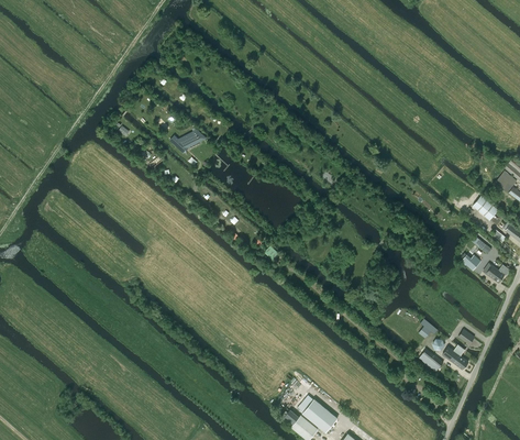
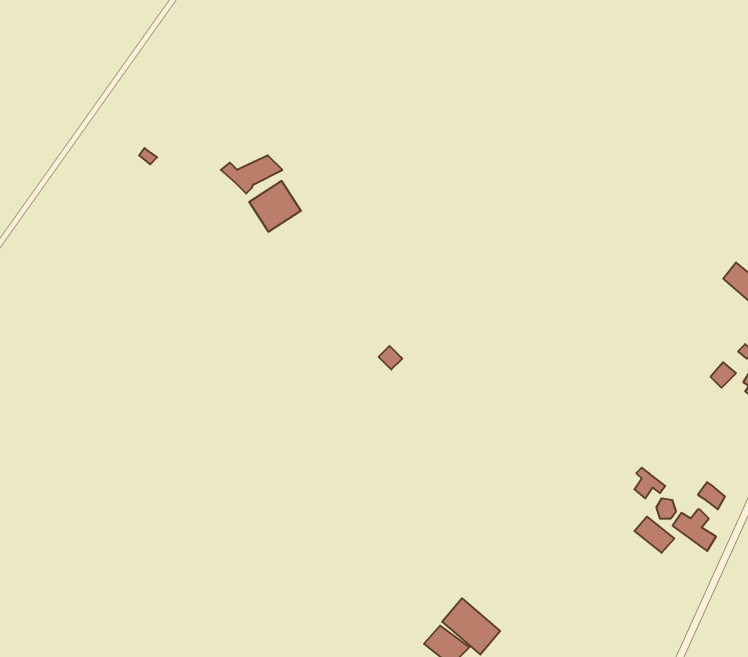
building: none -> [249,181,301,232]

